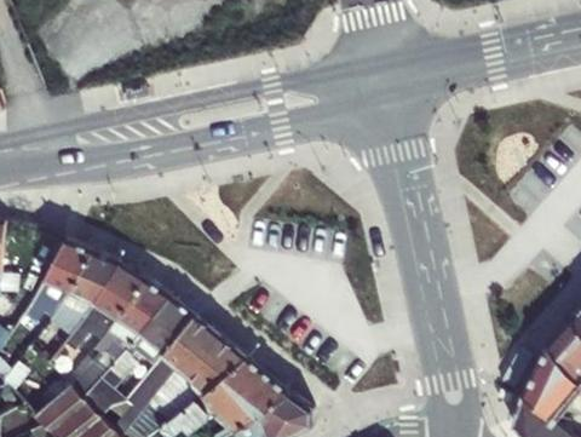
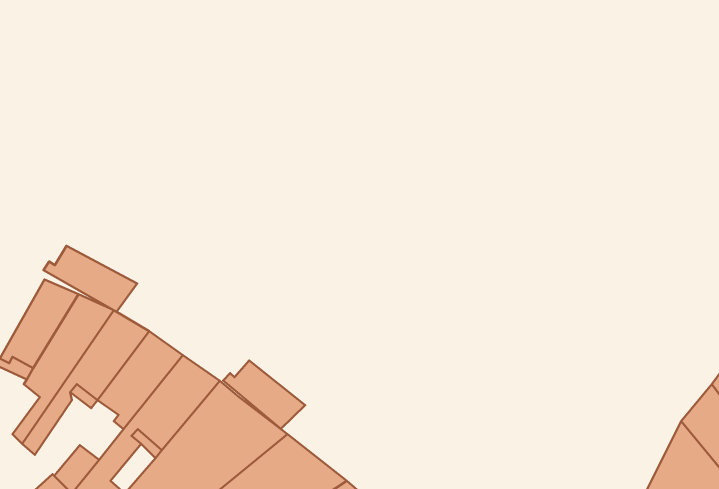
building: none -> [44,246,137,312]
building: none -> [223,361,305,429]

